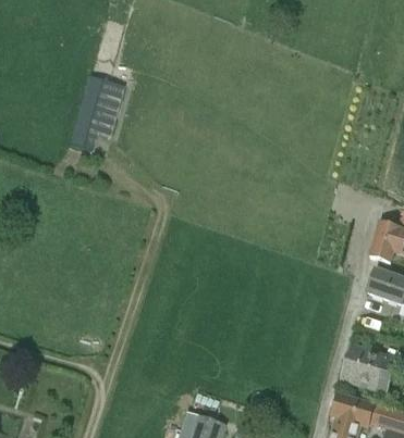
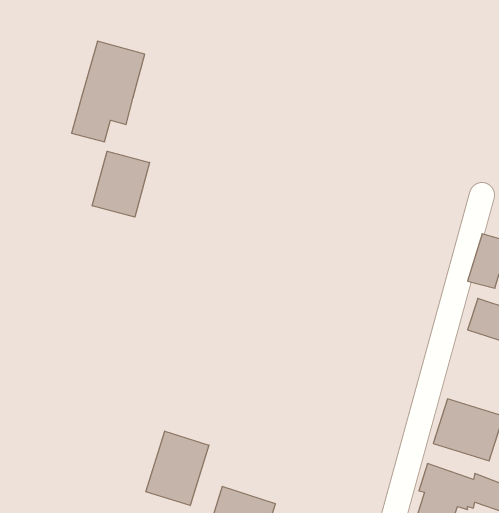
building: none -> [92,151,150,217]
building: none -> [146,431,209,506]

